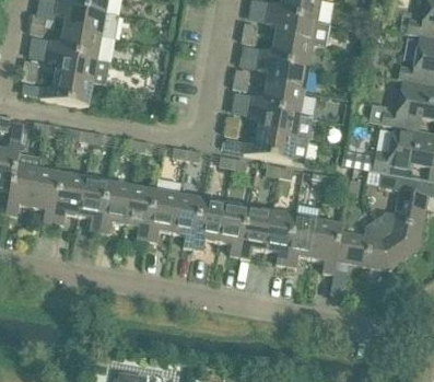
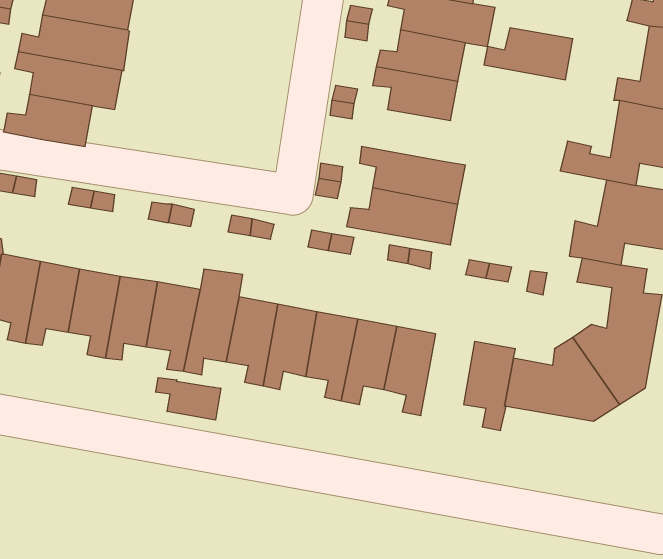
building: [250,83,303,114] -> [484,28,573,80]
building: [285,202,319,265] -> none
building: none -> [156,378,221,420]

